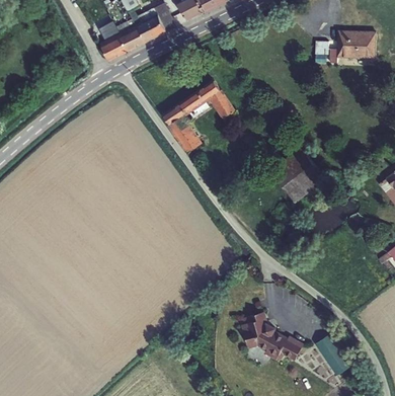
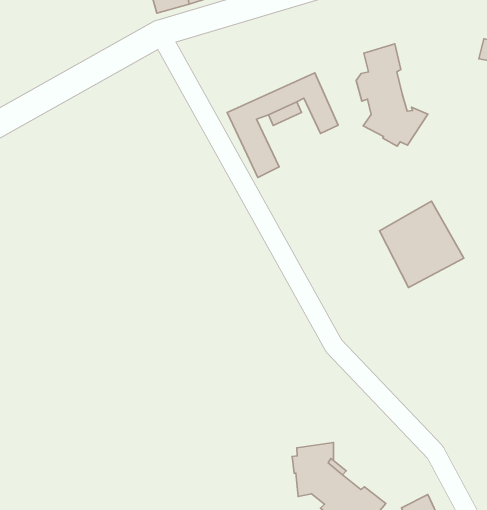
building: none -> [356,44,428,146]

